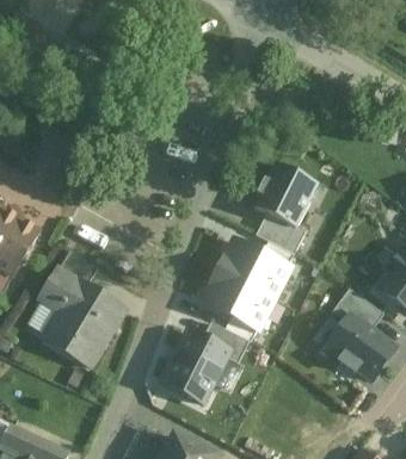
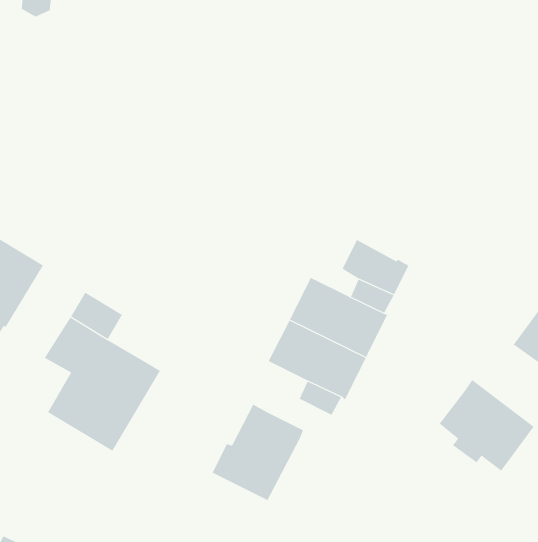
building: [253,162,318,228] -> none
building: [332,287,382,329] -> none
building: [202,321,248,362] -> none

